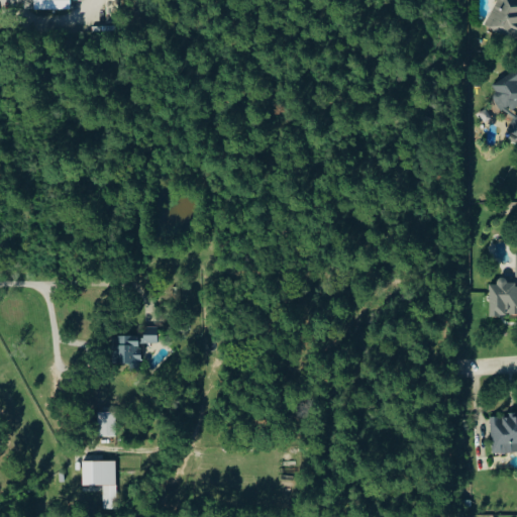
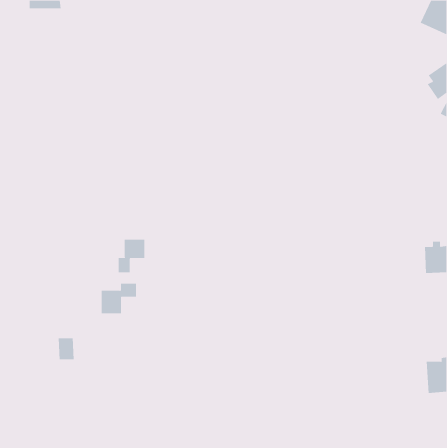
building: none -> [118,239,145,273]
building: [98,411,117,436] -> [58,338,74,360]
building: [82,460,117,500] -> none

